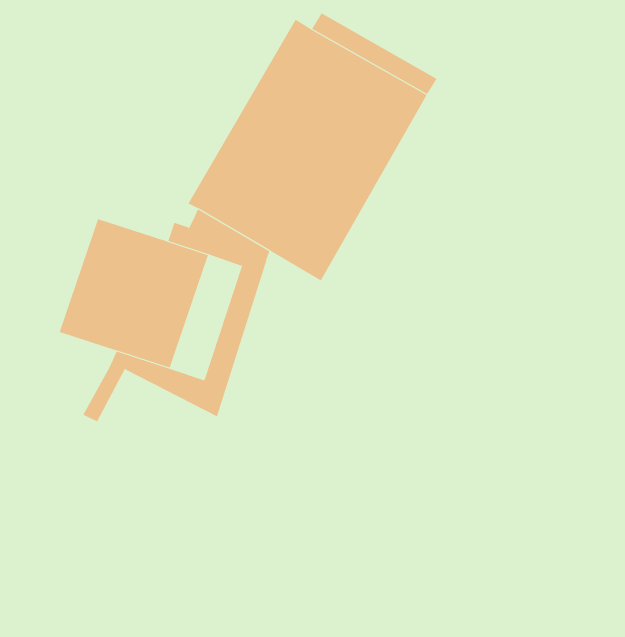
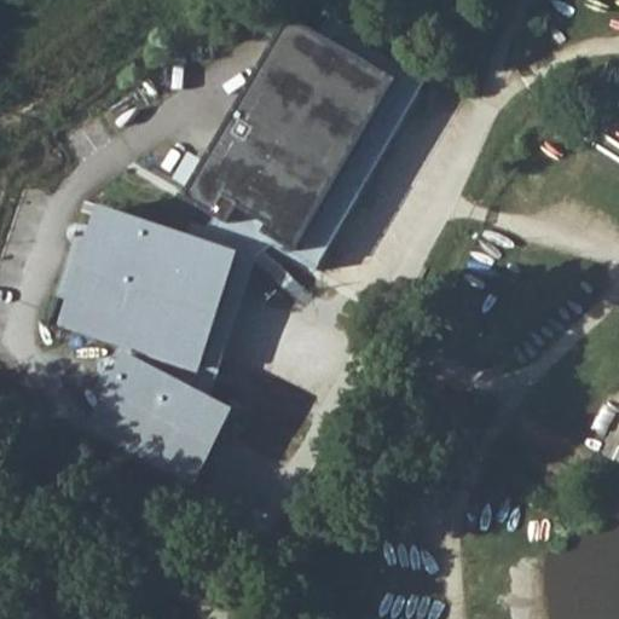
building: none -> [164,248,233,369]
building: none -> [86,359,228,481]

